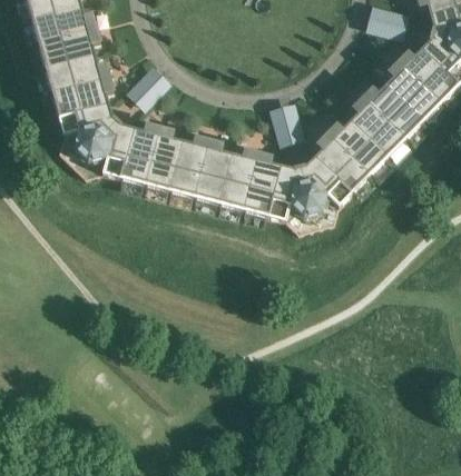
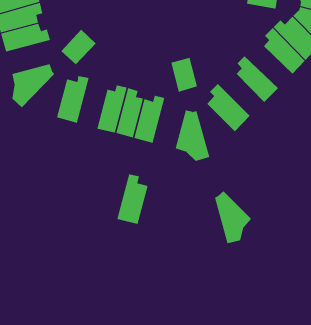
building: [50,76,112,119] -> none
building: [360,83,422,138] -> none
building: [71,119,129,177] -> none
building: [325,119,385,173] -> none
building: [144,125,182,190] -> none
building: [242,150,283,216] -> [117,174,148,224]
building: [298,158,347,227] -> [214,191,252,244]

